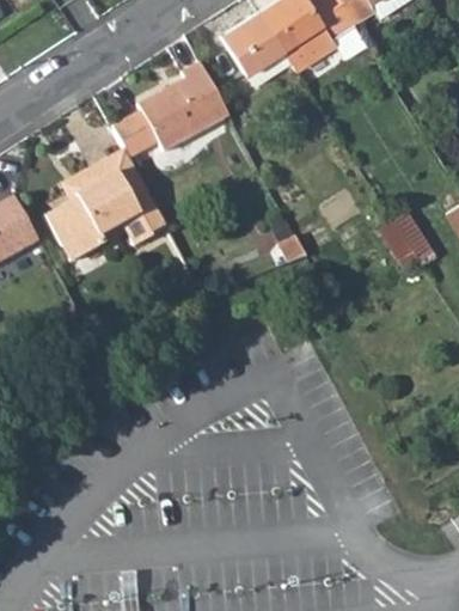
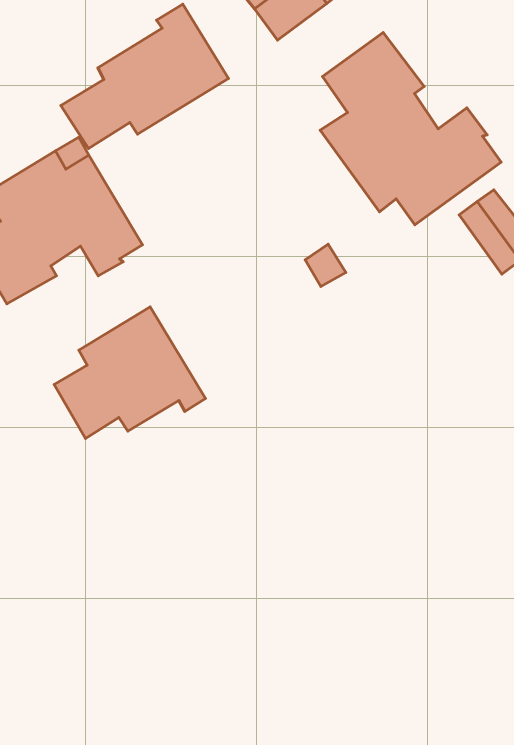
building: none -> [320,33,501,225]
building: none -> [54,307,205,438]

